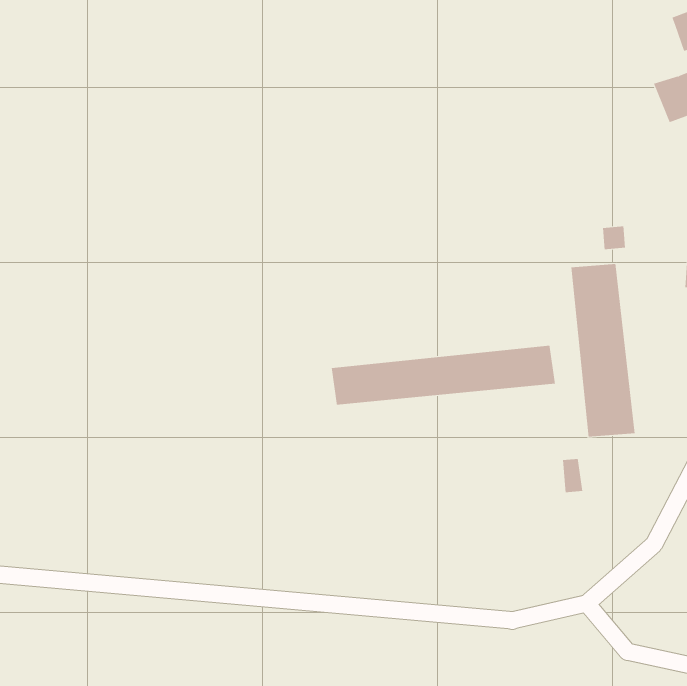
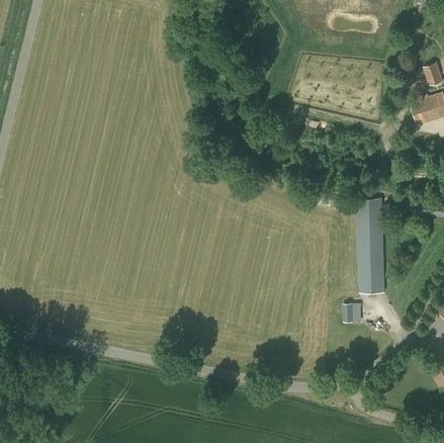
building: [331,345,555,405] -> none

